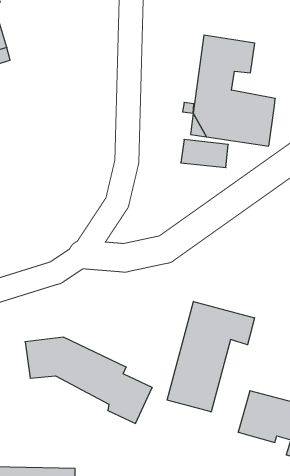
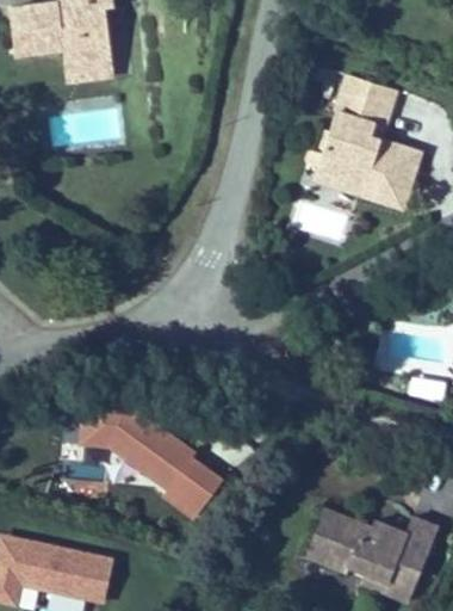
building: [167,301,255,412] -> none

